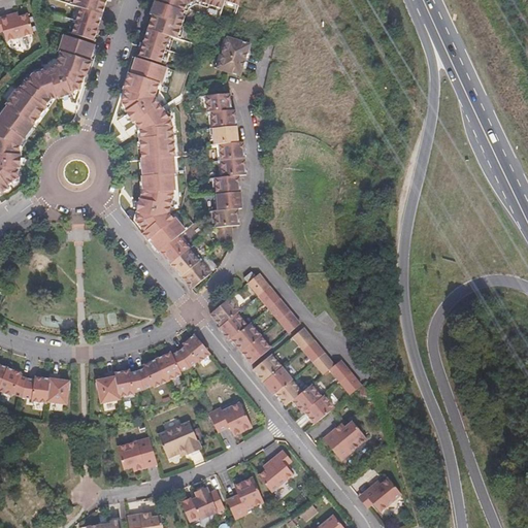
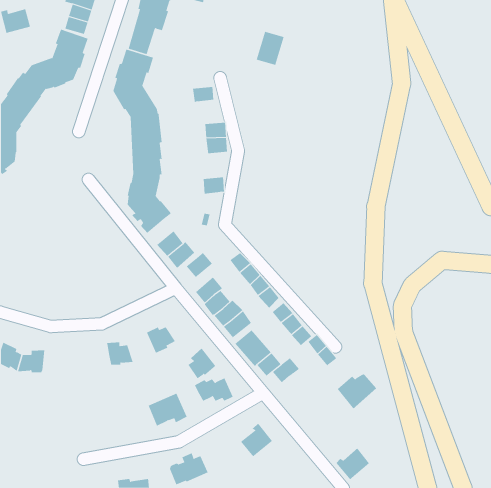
building: [216,31,246,68] -> [256,31,285,66]
building: [211,107,236,126] -> none
building: [216,173,240,192] -> none
building: [214,206,239,225] -> none
building: [158,235,187,263] -> [186,252,213,278]
building: [178,332,209,366] -> [187,348,216,379]
building: [137,357,167,389] -> none
building: [94,369,120,397] -> none
building: [45,371,68,399] -> none
building: [304,394,334,423] -> none
building: [324,419,367,459] -> [337,372,377,409]
building: [117,437,157,468] -> none
building: [226,476,261,518] -> none

